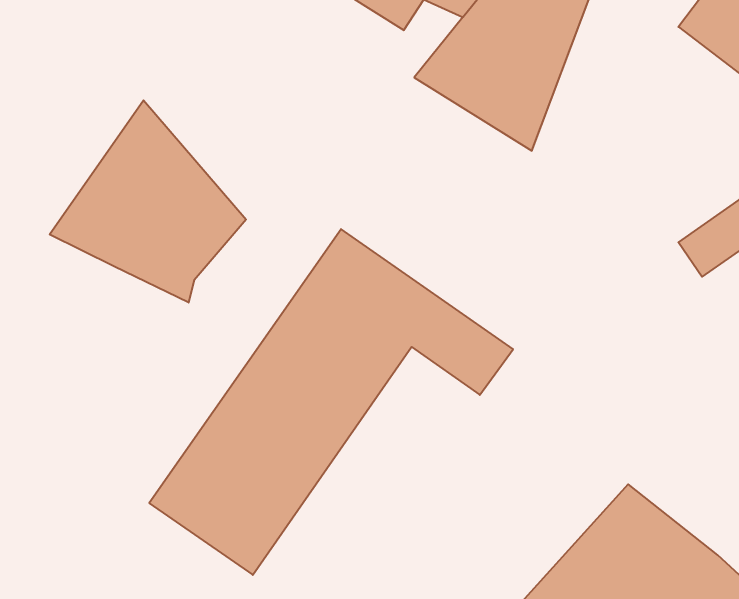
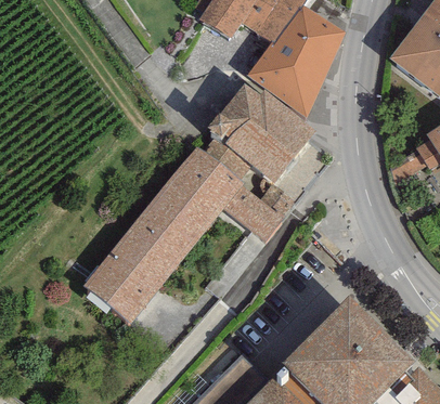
building: [50,100,246,303] -> none
building: none -> [206,83,313,181]

